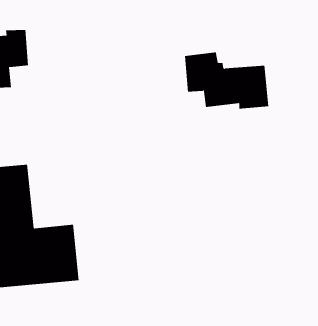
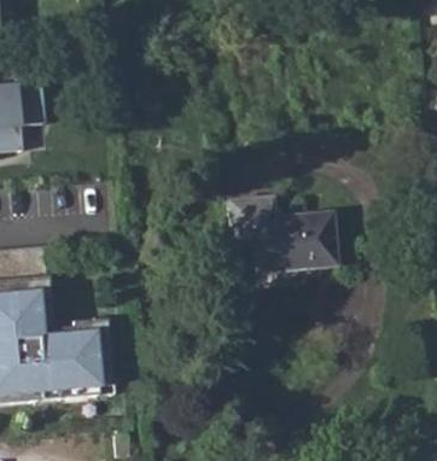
building: [184,52,269,109] -> [227,197,334,269]

